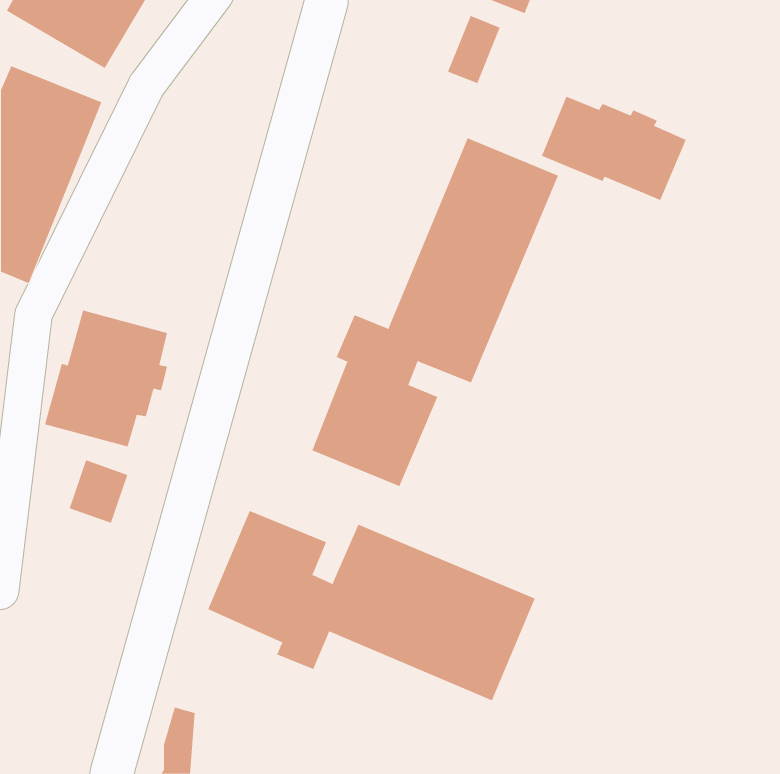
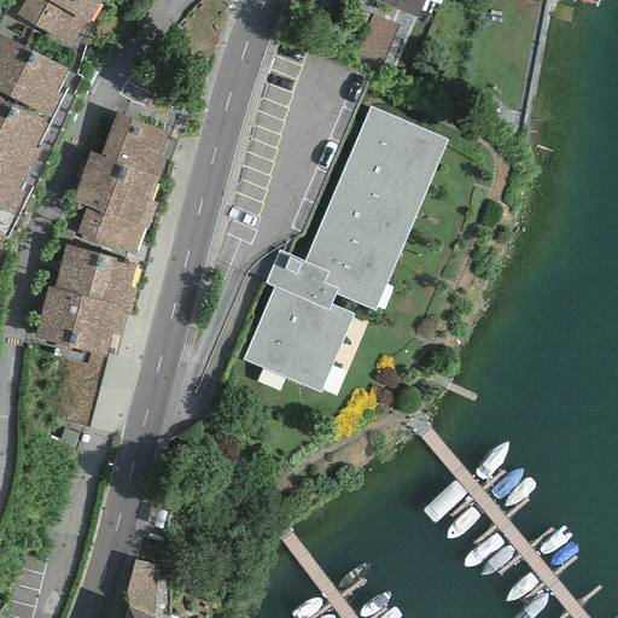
building: [541,96,687,201] -> none
building: none -> [75,115,165,251]
building: [207,510,535,701] -> none

